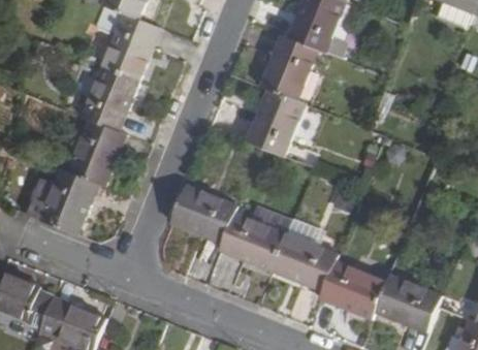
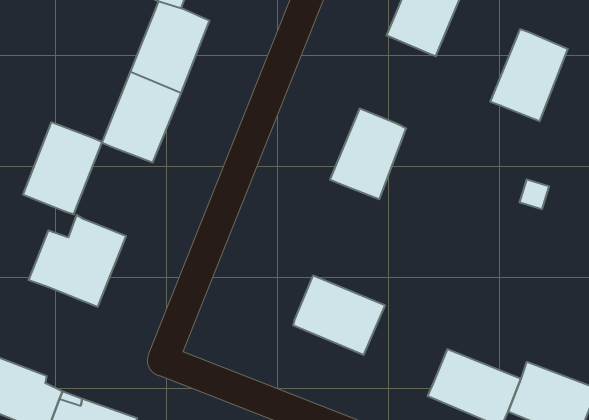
building: [261,34,318,101] -> [490,29,568,121]
building: [68,118,126,185] -> [23,122,102,214]
building: [171,186,237,244] -> none
building: [273,233,338,290] -> none

